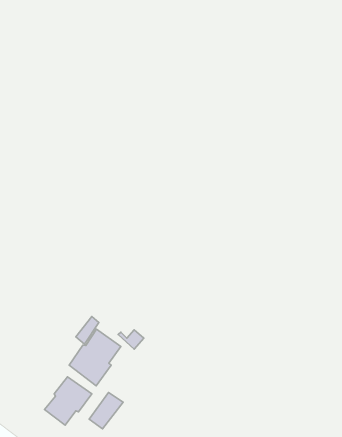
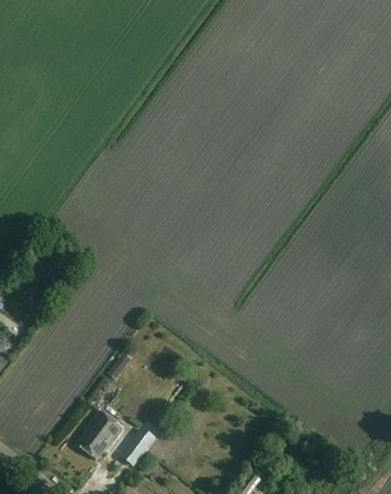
building: [69,329,121,386] -> none

